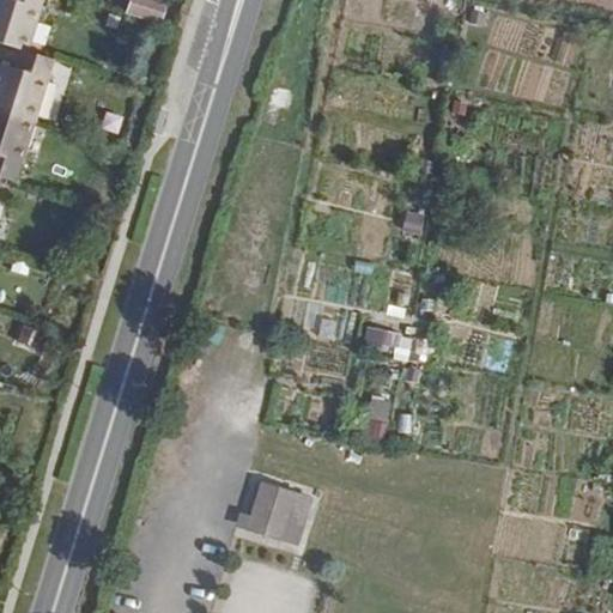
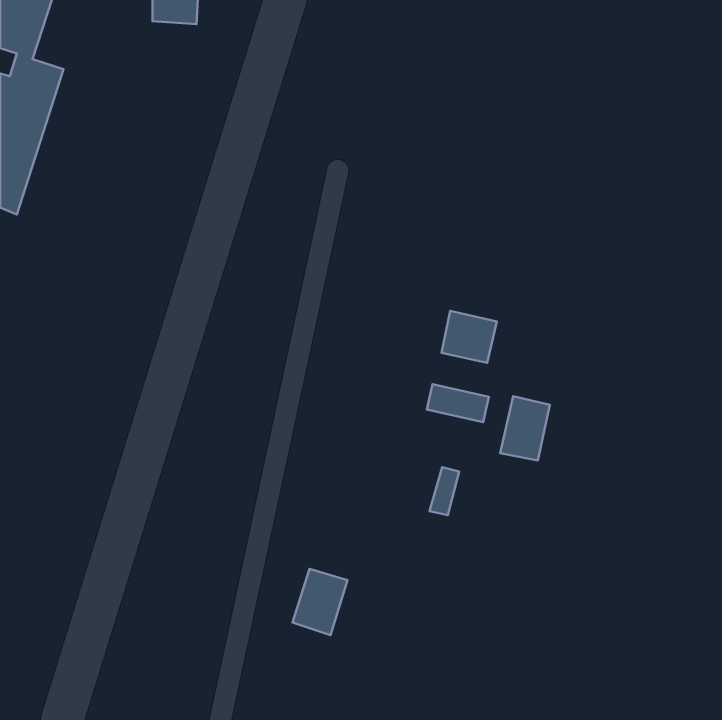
building: none -> [441,311,497,363]
building: none -> [500,396,550,461]

